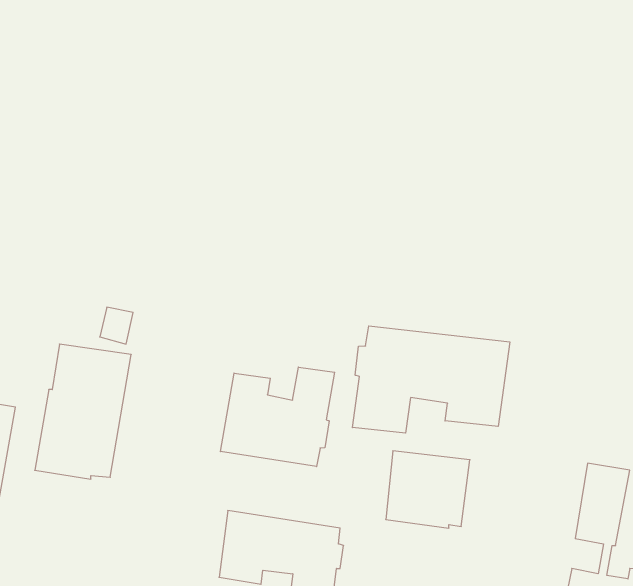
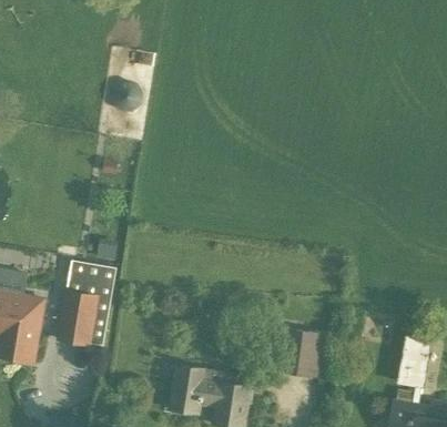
building: [352,326,510,433] -> none
building: [220,367,335,467] -> none

